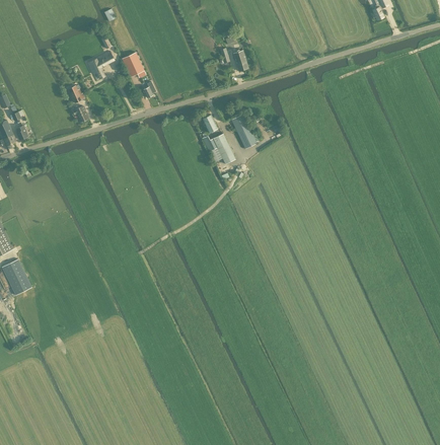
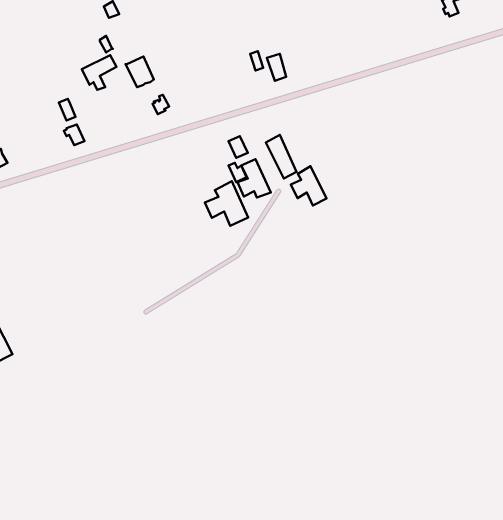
building: none -> [291,166,326,205]
building: none -> [205,181,248,226]

